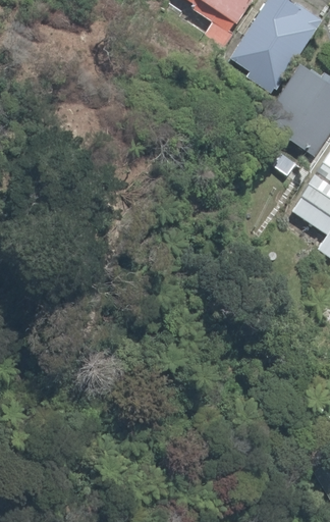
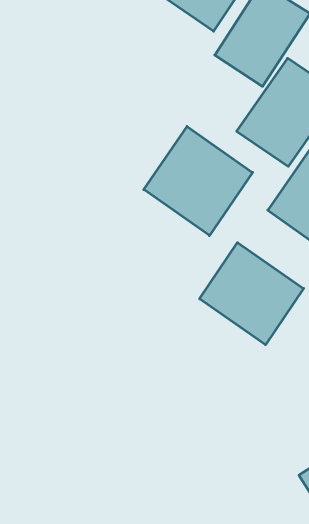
building: none -> [144,126,253,236]
building: none -> [200,243,304,345]

